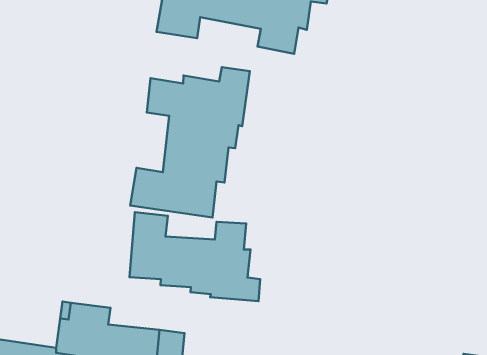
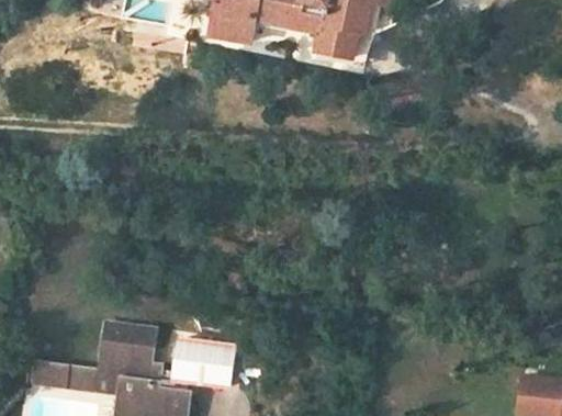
building: [130,67,250,217] -> none
building: [129,212,260,301] -> none

